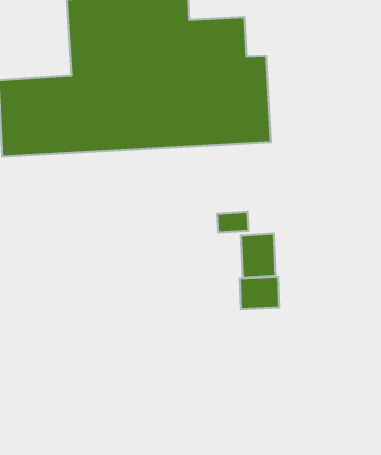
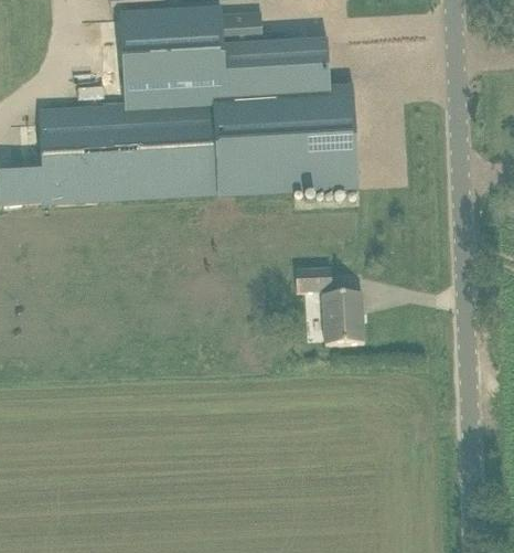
building: [240,277,279,309] -> none

